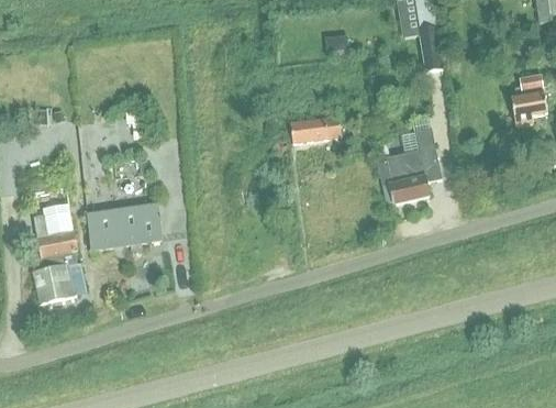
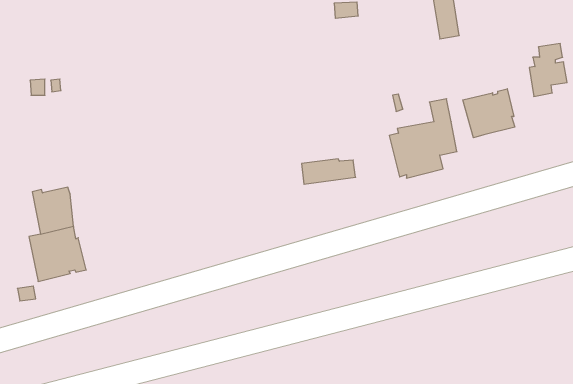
building: [290,118,342,142] -> [302,159,356,184]
building: none -> [463,89,515,138]
building: [87,201,162,247] -> none

